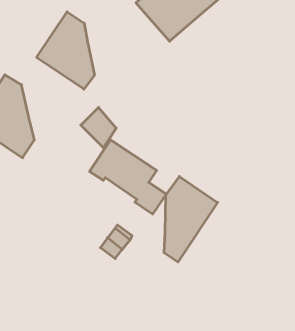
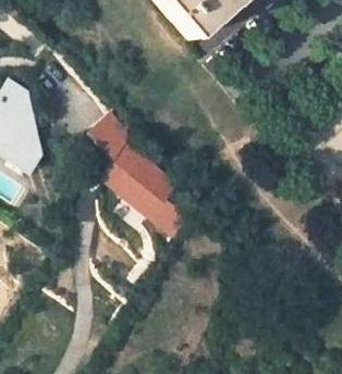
building: [37,12,94,89] -> none
building: [164,176,218,262] -> none

